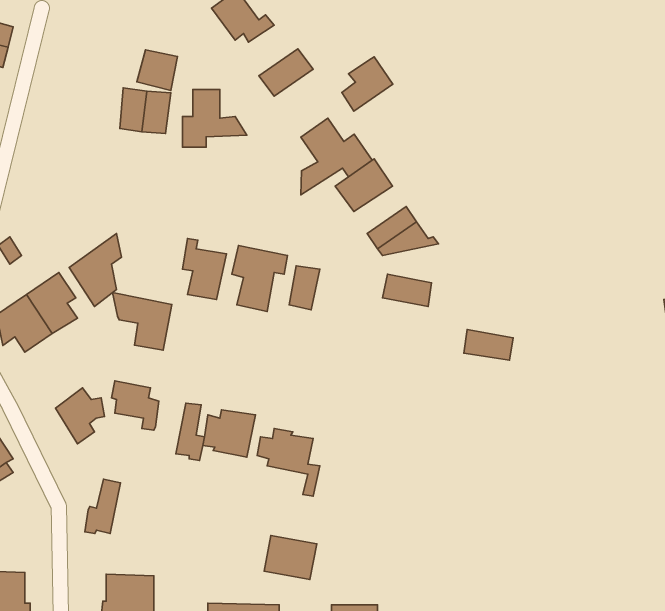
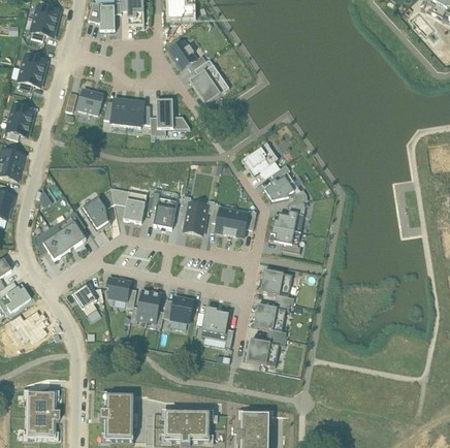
building: [137,50,178,90] -> [77,89,102,114]
building: [342,57,393,111] -> [189,58,220,91]
building: [301,118,372,195] -> none
building: none -> [228,209,248,236]
building: [112,293,172,350] -> [109,187,146,222]
building: [464,330,513,360] -> [269,226,299,245]
building: none -> [259,268,291,295]
building: none -> [253,302,285,329]
building: [85,479,120,534] -> [130,288,152,321]
building: [264,535,317,580] -> [247,338,279,364]

